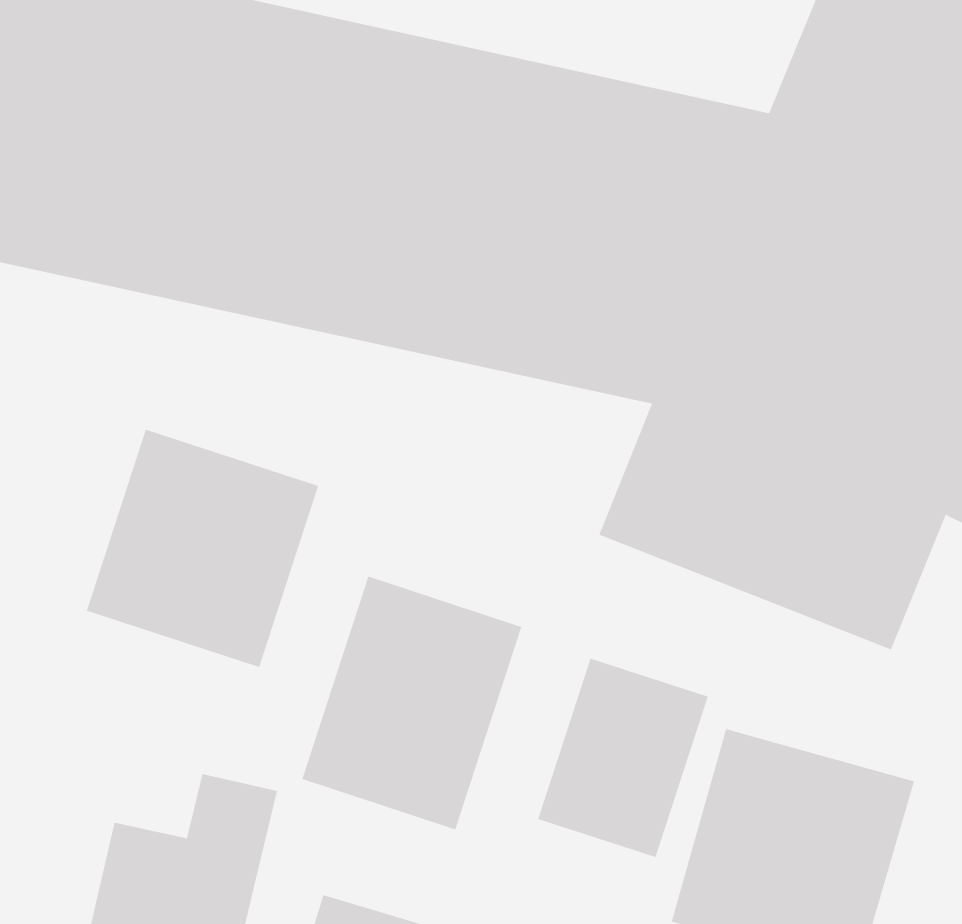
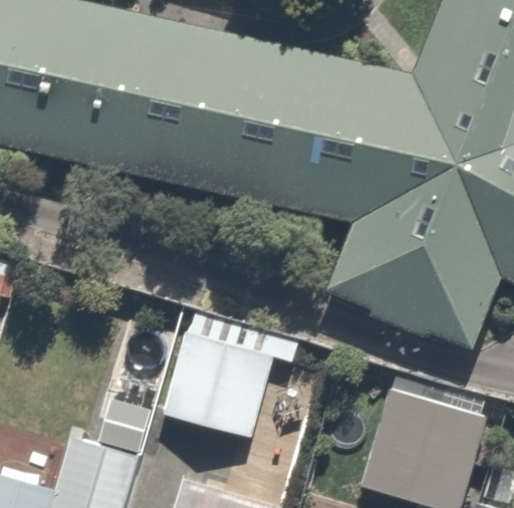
building: [86,429,319,668] -> none
building: [537,658,709,858] -> none

